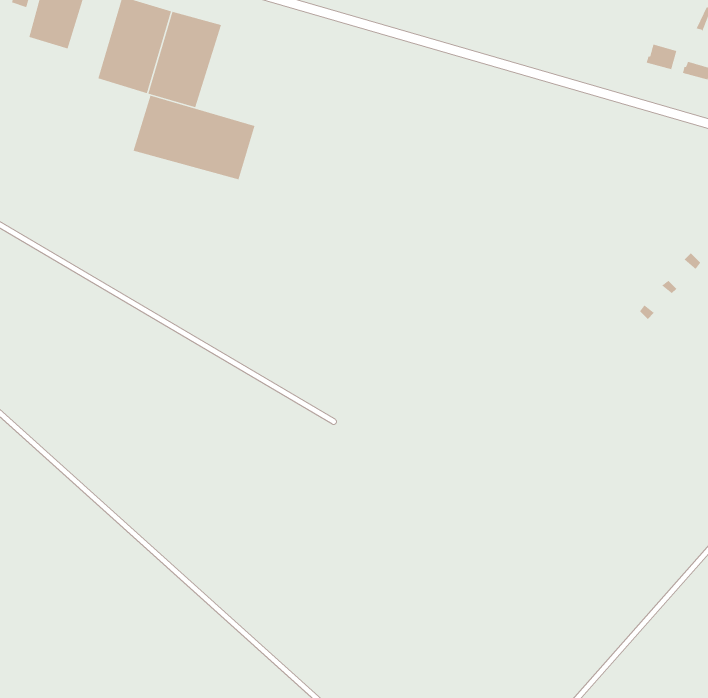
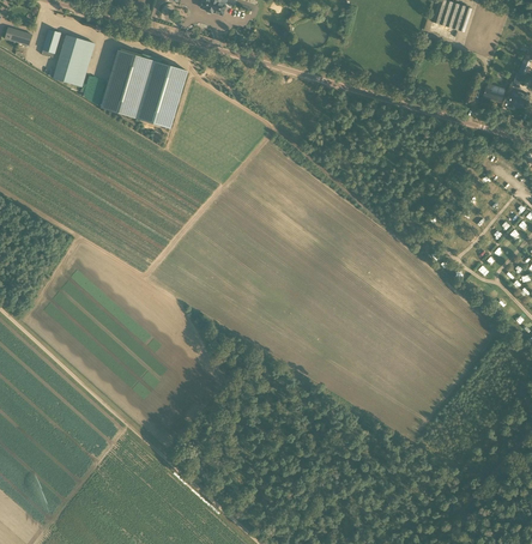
building: [133,95,255,180] -> none

